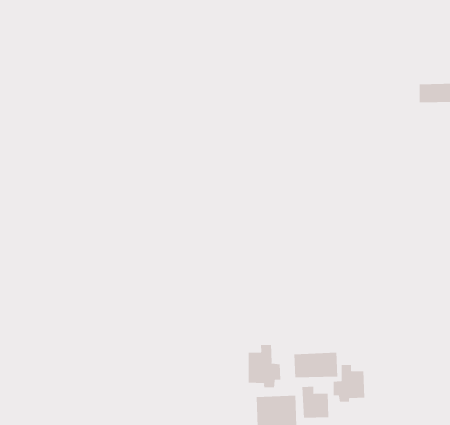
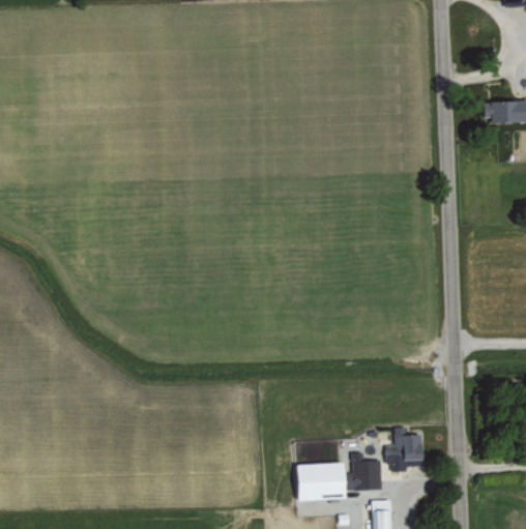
building: [248,344,281,388] -> none
building: [294,352,338,378] -> none

